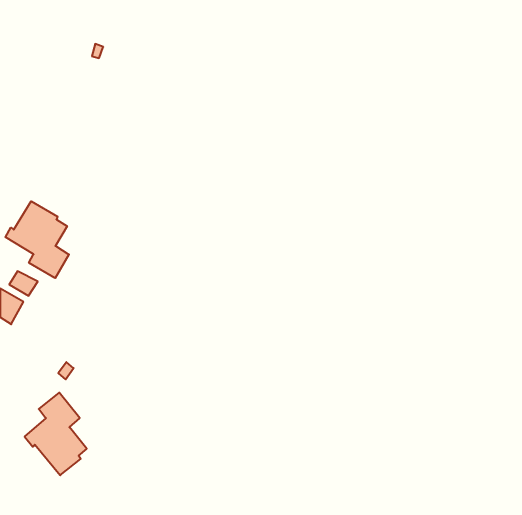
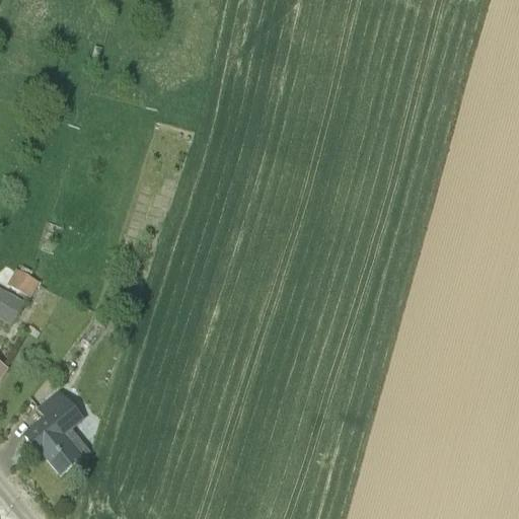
building: [5,201,69,278] -> none

